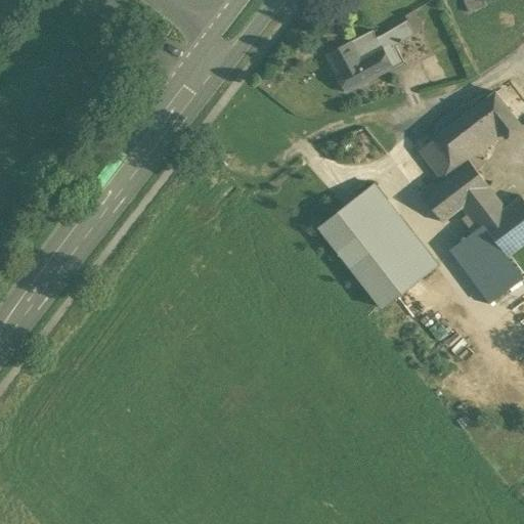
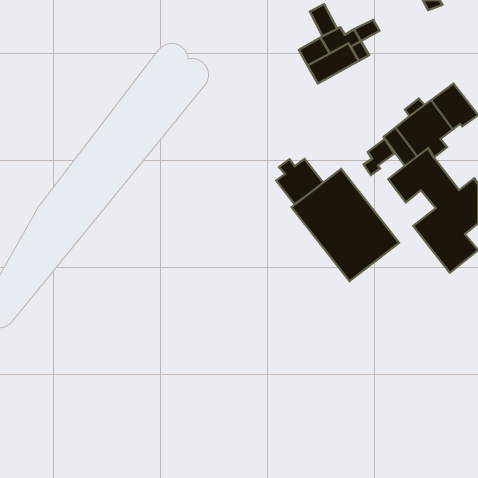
building: none -> [310,4,337,36]
building: none -> [363,139,395,175]
building: none -> [276,159,323,204]

